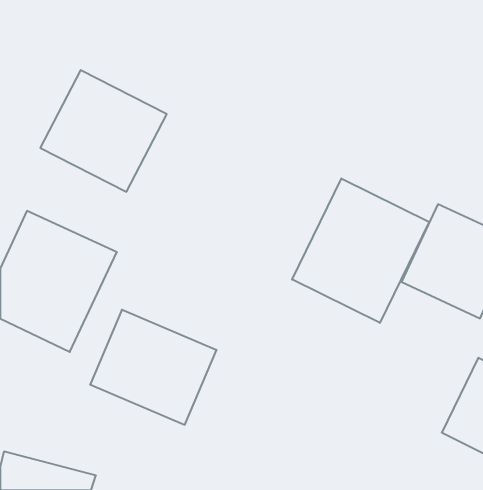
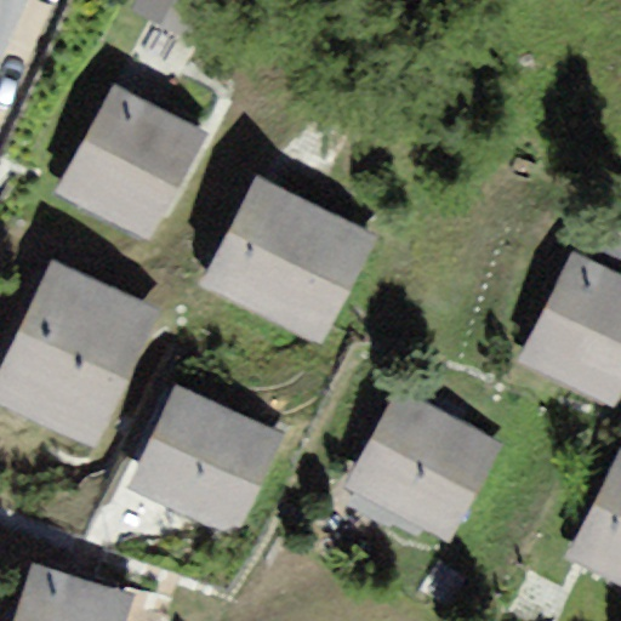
building: none -> [204,183,371,341]
building: [292,178,429,323] -> none
building: none -> [342,387,507,539]

